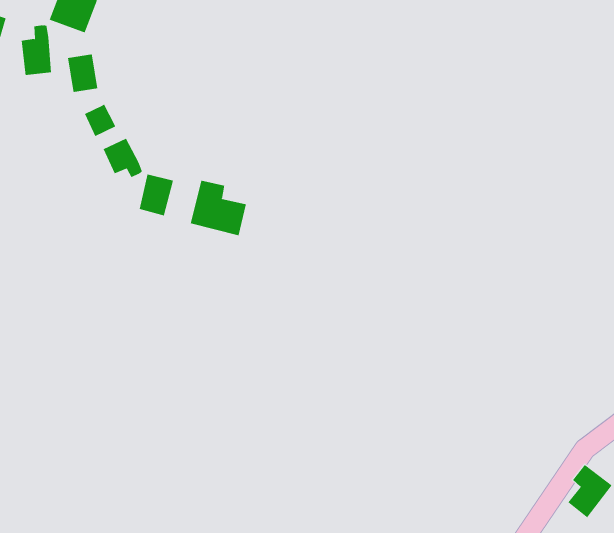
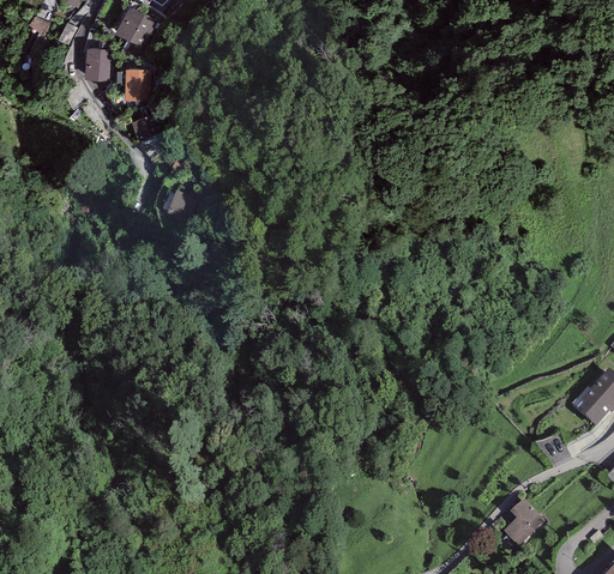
building: [103,138,143,178] -> none
building: [190,180,246,236] -> none

